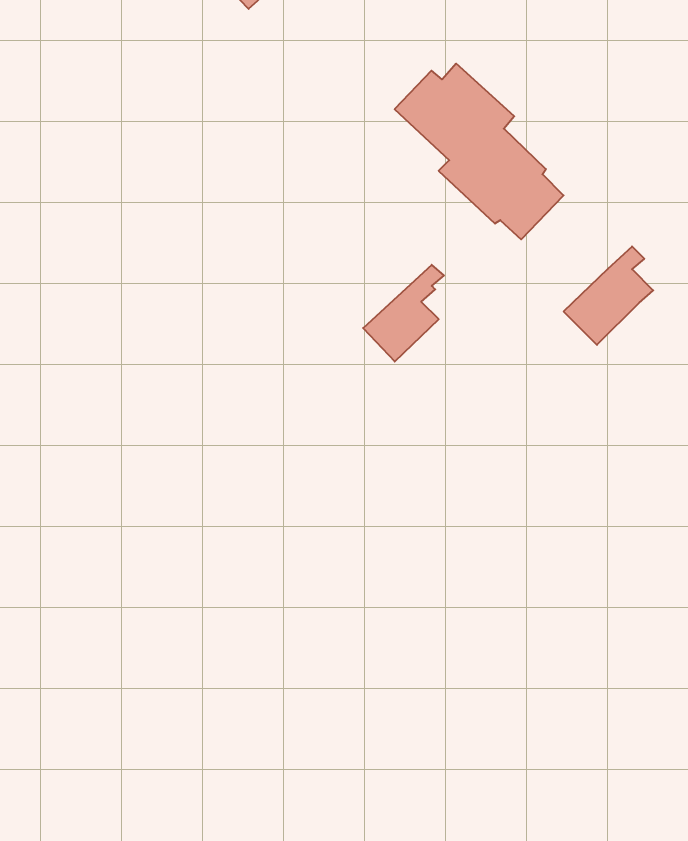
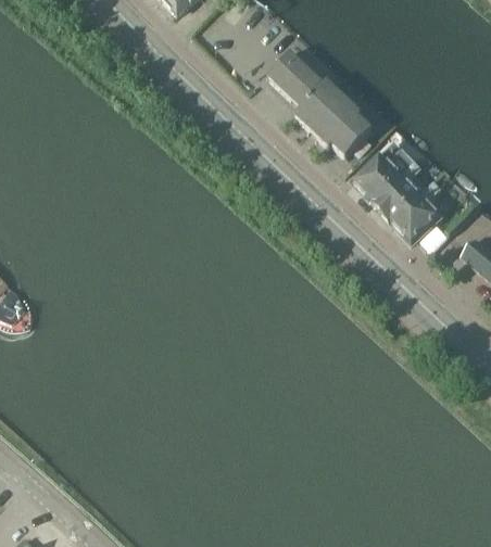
building: [363,265,444,362] -> [352,139,402,199]
building: none -> [392,179,441,240]

